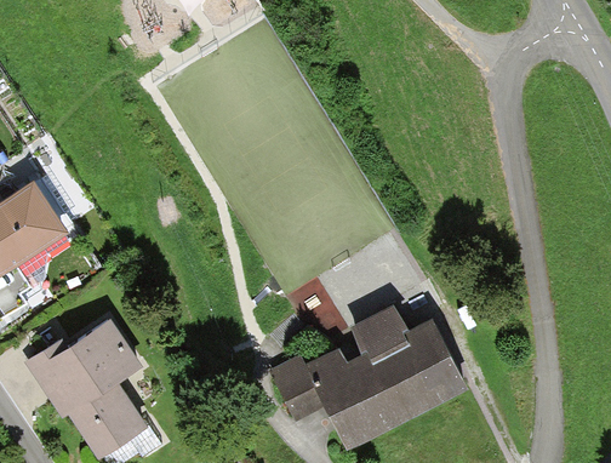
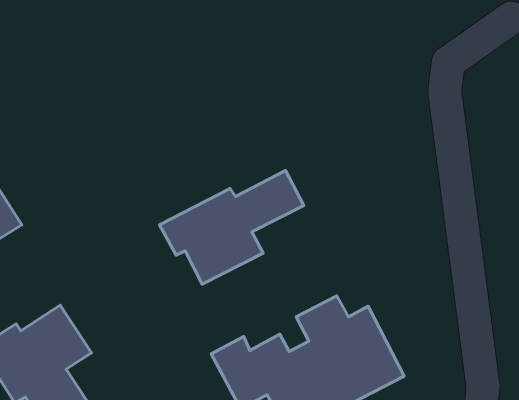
building: none -> [160,171,304,284]

